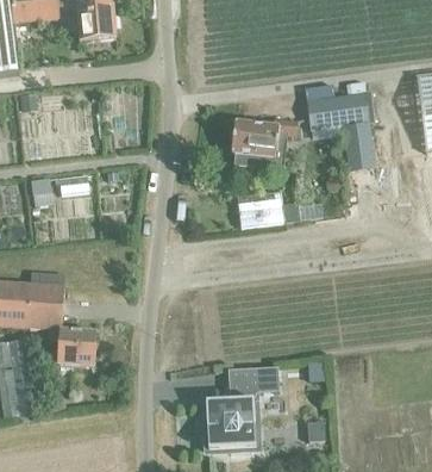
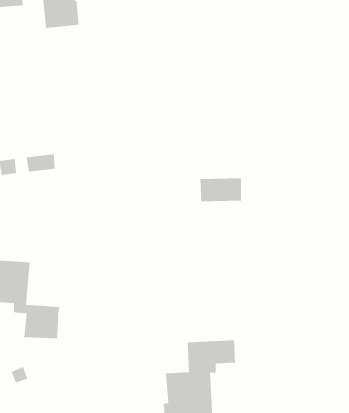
building: [306,92,368,129] -> none
building: [231,118,296,168] -> none
building: [350,126,374,166] -> none

